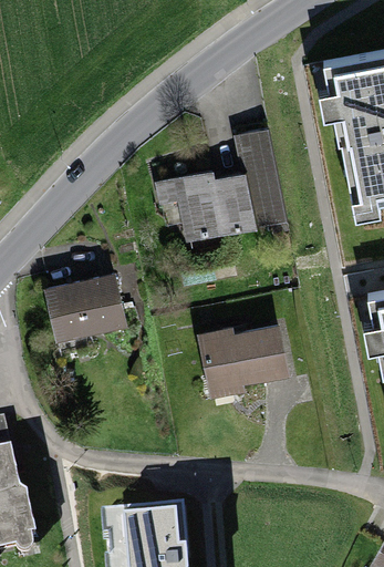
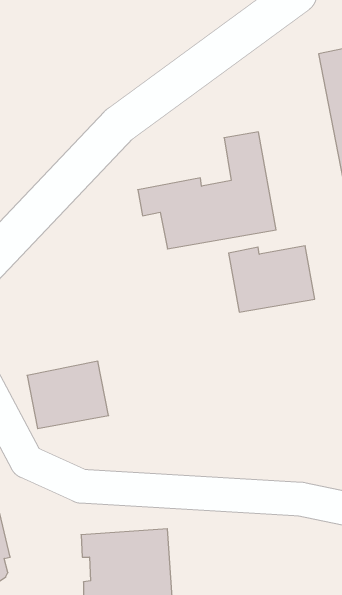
building: [48,278,124,341] -> [27,361,109,429]
building: [204,328,284,390] -> [229,246,315,312]

